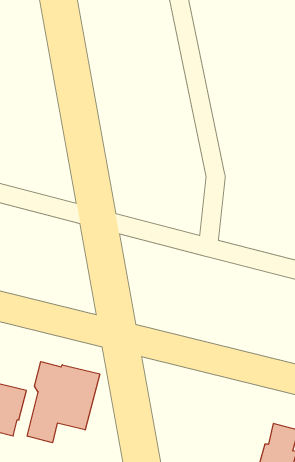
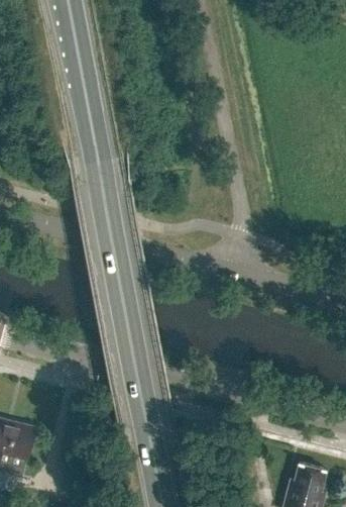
building: [27,362,100,443] -> none

